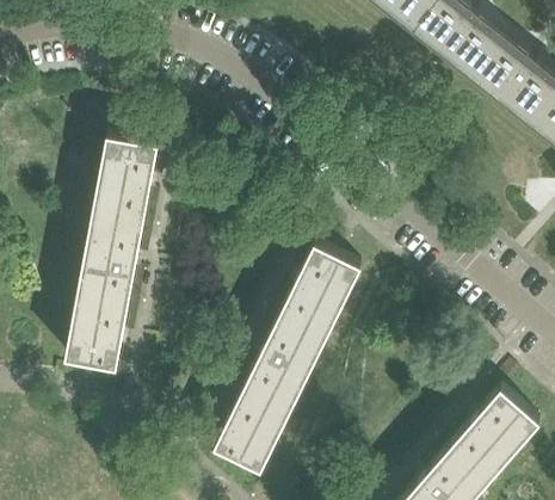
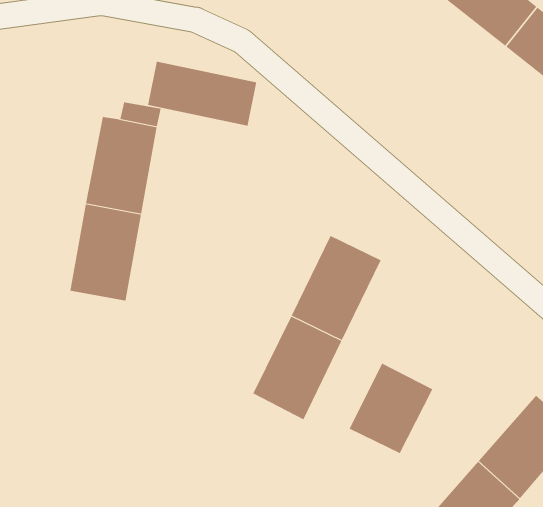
building: none -> [147,61,257,126]
building: [66,296,129,370] -> none
building: [214,389,290,471] -> [349,363,433,454]

